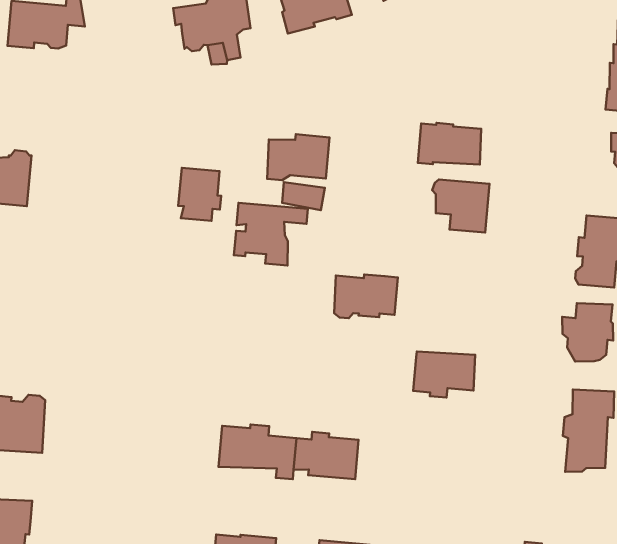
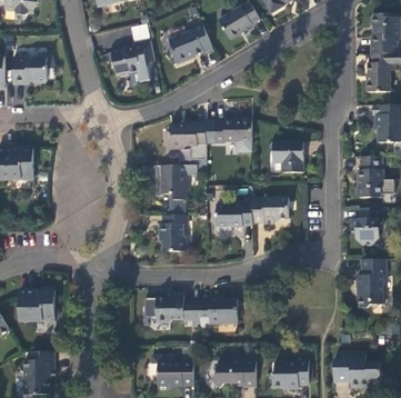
building: [418,123,481,165] -> [217,118,253,142]
building: [178,168,221,221] -> none
building: none -> [159,215,187,250]
building: [413,352,475,398] -> [254,196,290,222]

